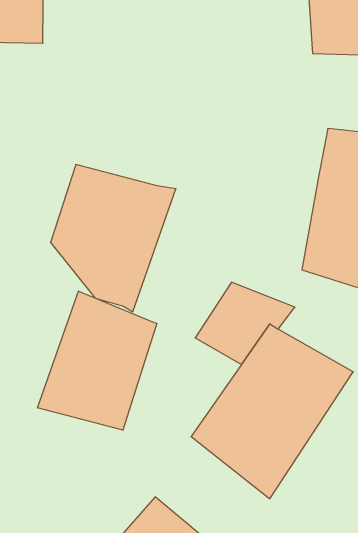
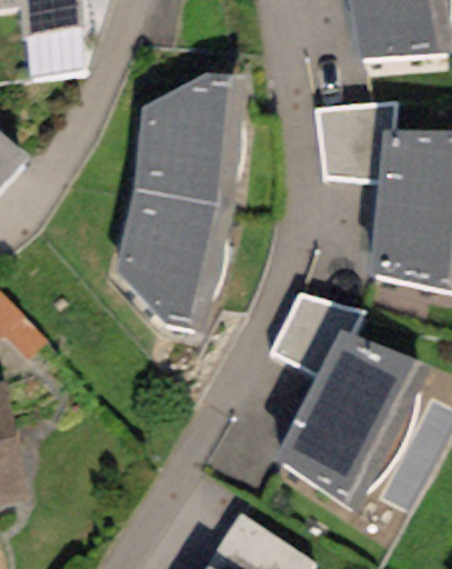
building: none -> [133,73,247,206]
building: none -> [315,103,398,180]
building: [38,291,157,430] -> none

